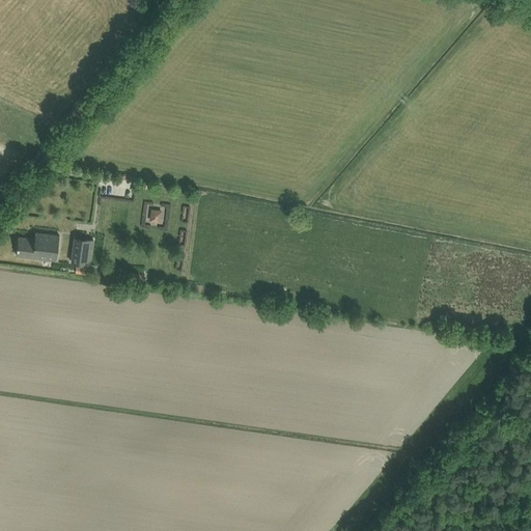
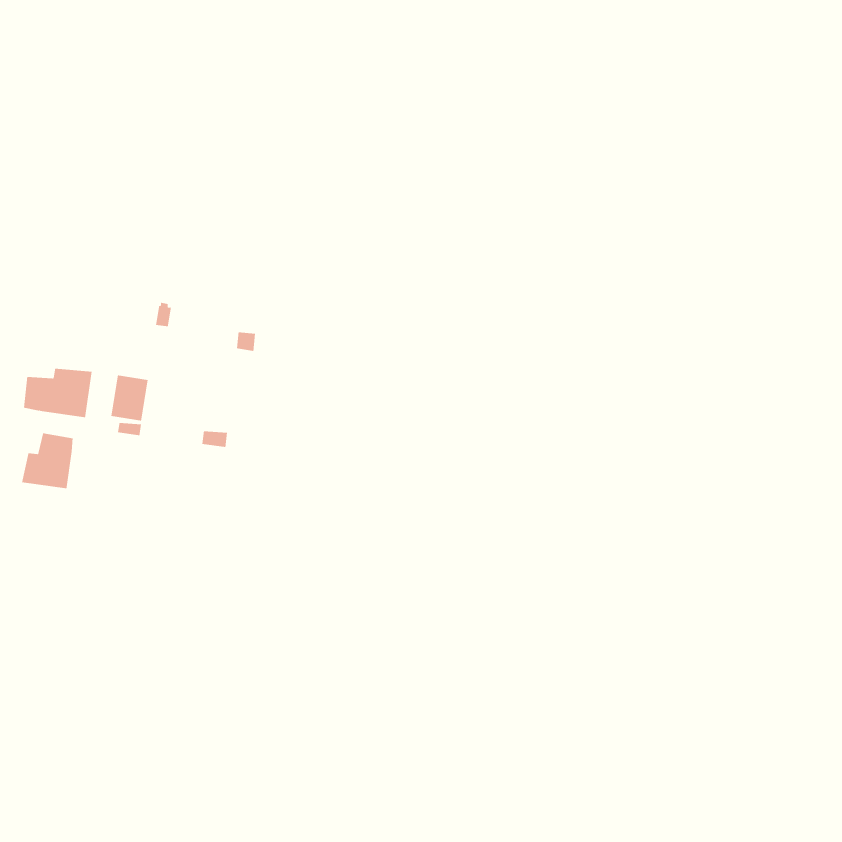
building: none -> [22,433,73,489]

